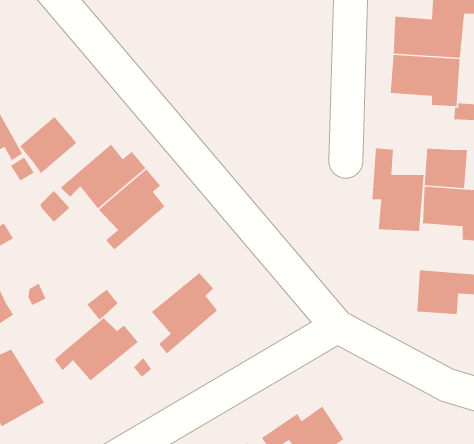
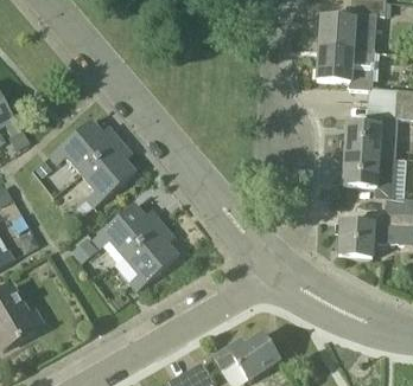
building: [19,116,77,174] -> none
building: [372,148,425,232] -> none
building: [54,317,139,382] -> [94,204,163,256]

